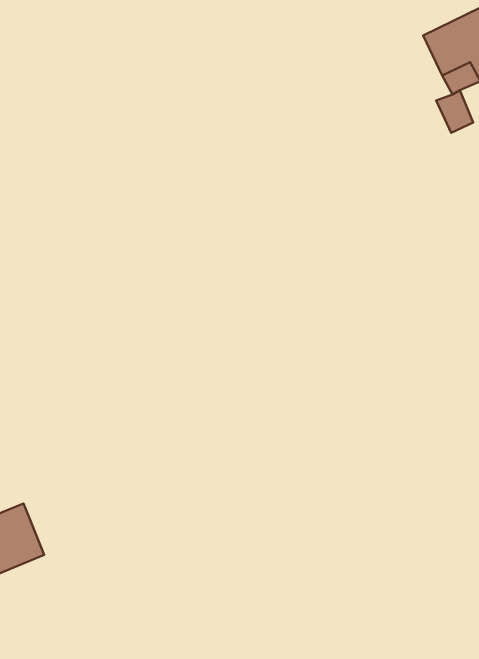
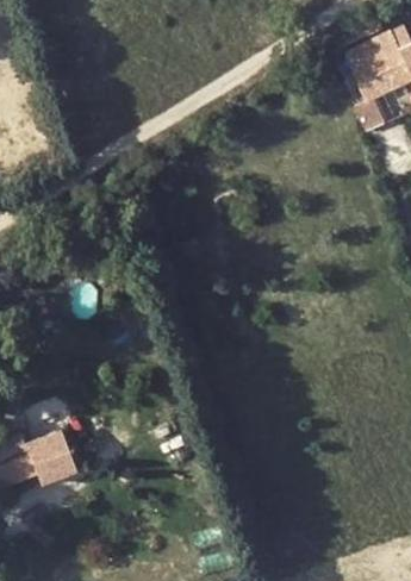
building: none -> [30,427,82,482]

